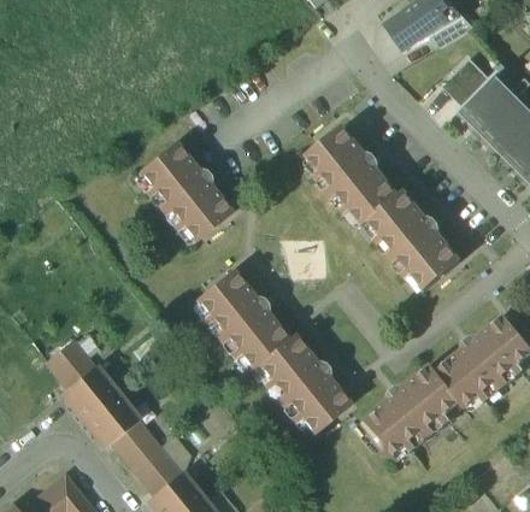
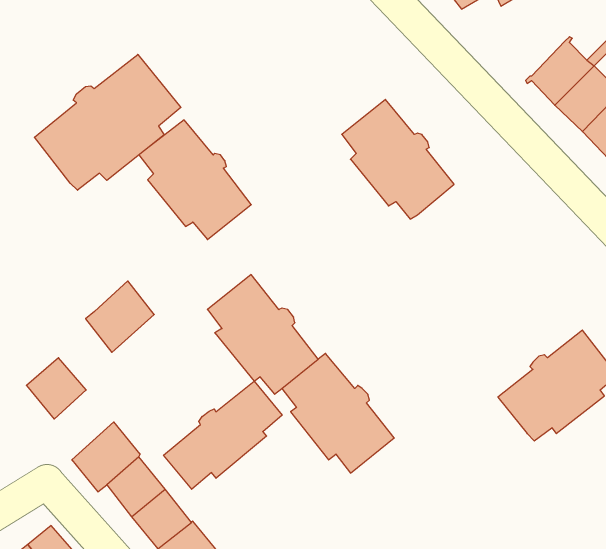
building: [441,55,490,106] -> none
building: none -> [34,54,181,190]
building: [369,190,460,289] -> none
building: none -> [164,381,282,489]
building: [61,364,118,423] -> [86,281,154,352]
building: [360,365,459,457] -> none

